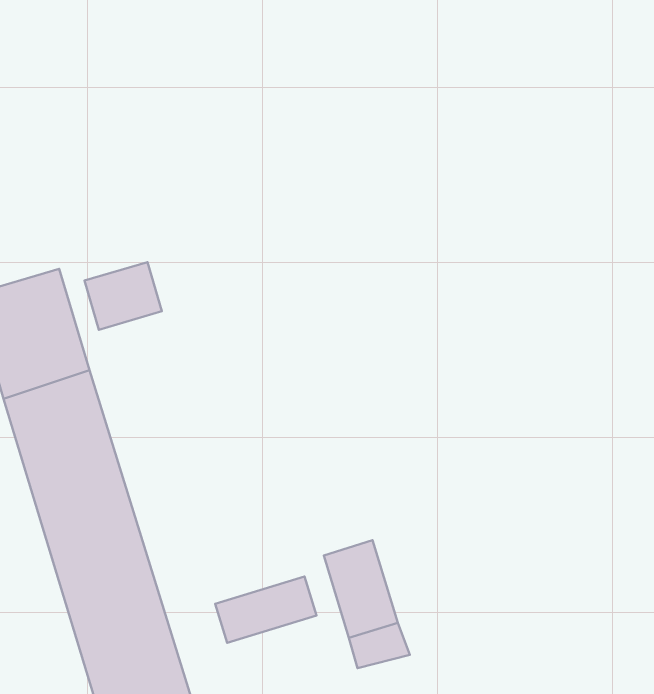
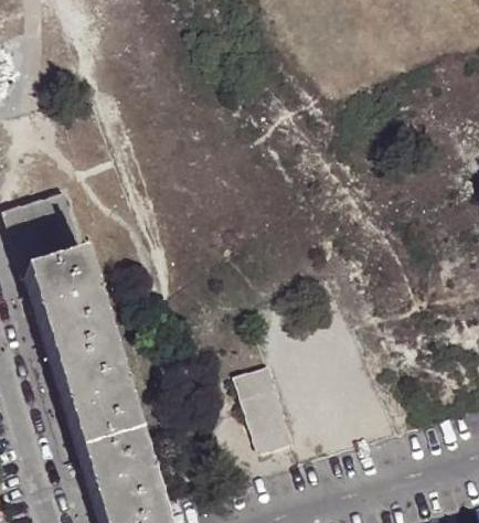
building: [85,262,162,330] -> none
building: [215,576,316,643] -> none

